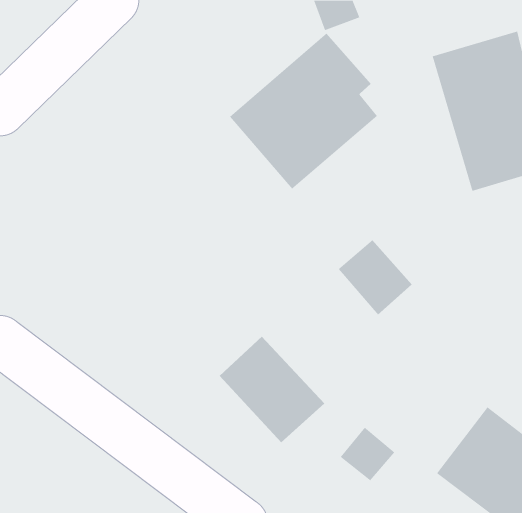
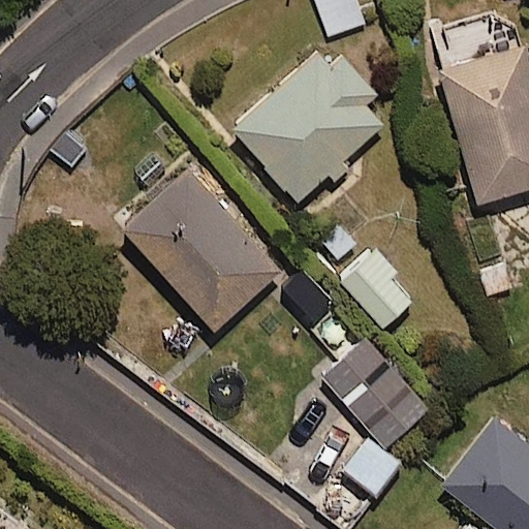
building: none -> [121,167,279,330]
building: [219,336,325,443] -> [320,342,428,450]

